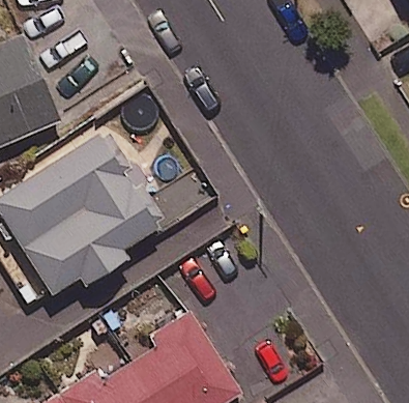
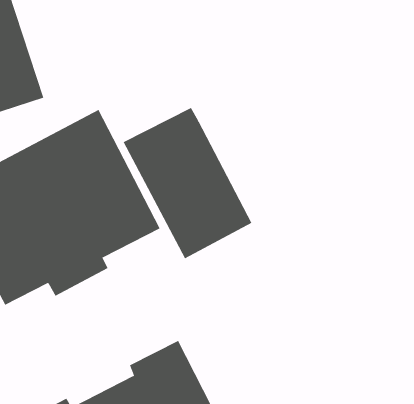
building: none -> [123,107,252,259]

